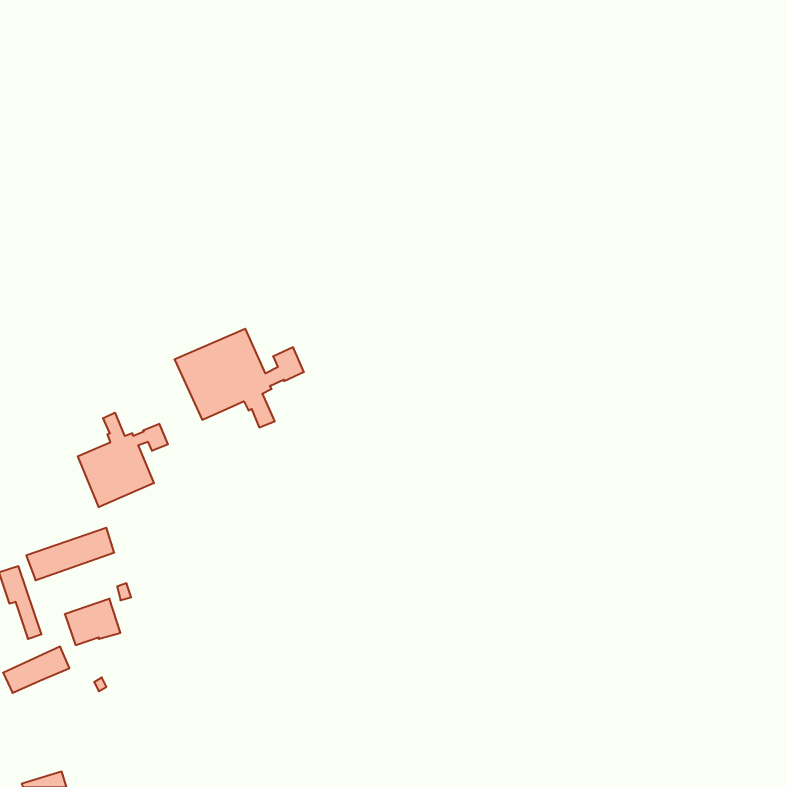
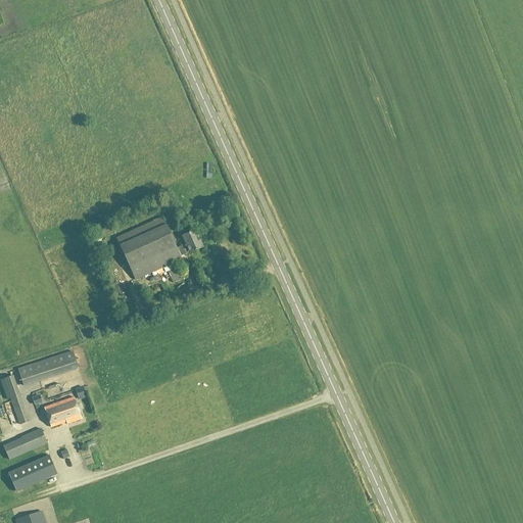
building: [78,413,168,507] -> none
building: none -> [7,455,56,491]

